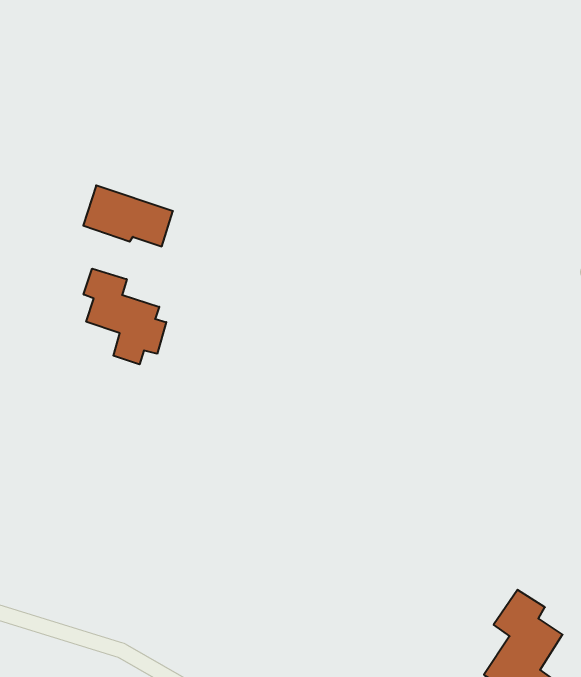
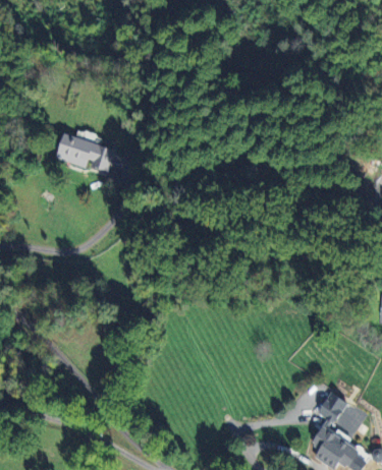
building: [84,269,166,364] -> none

